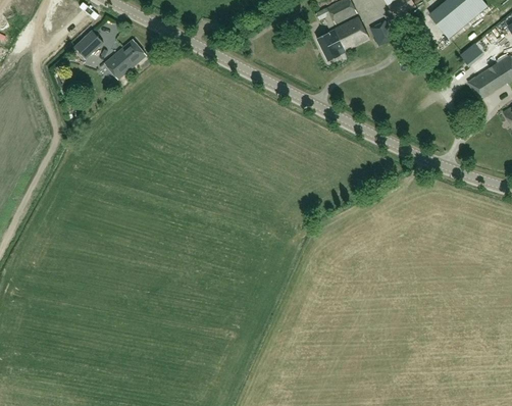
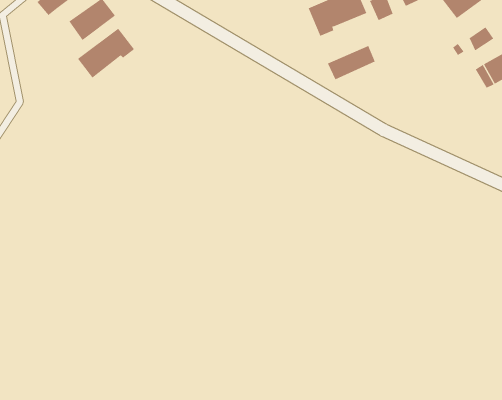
building: none -> [77,28,135,78]
building: none -> [327,45,376,80]

